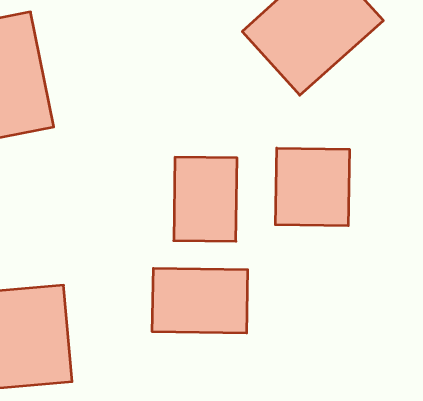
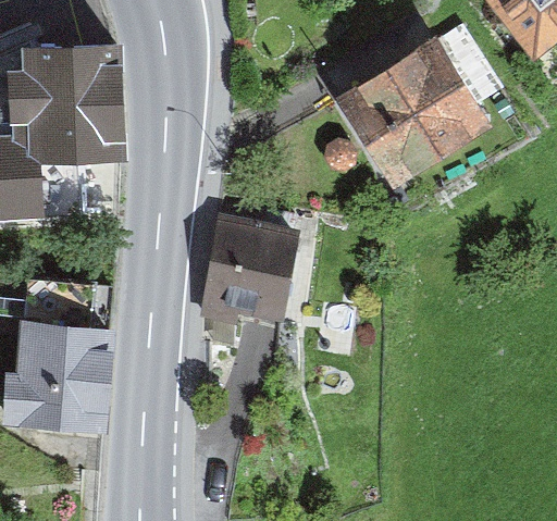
building: [275,148,349,226] -> none
building: [152,268,248,333] -> none

